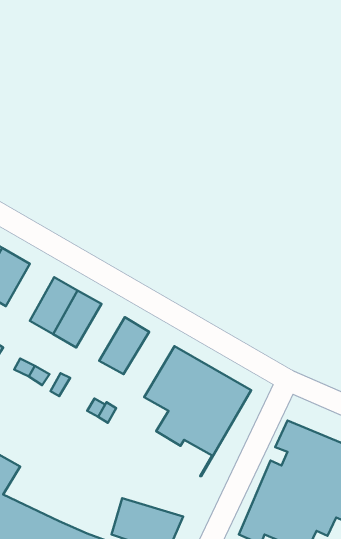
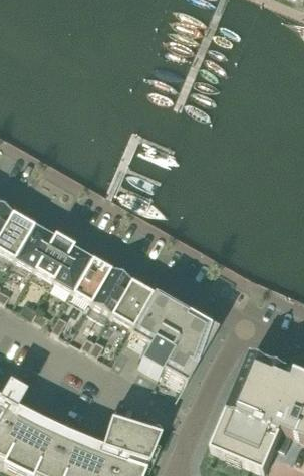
building: none -> [15,223,55,270]
building: none -> [73,256,113,303]
building: none -> [112,279,155,326]

